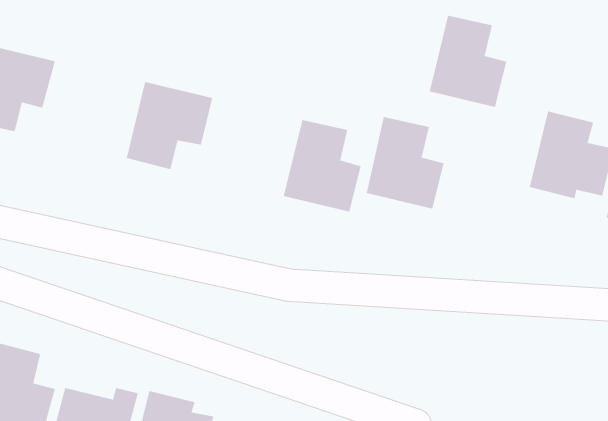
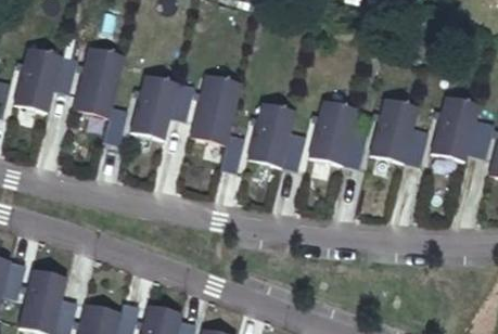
building: [429,15,507,108] -> [370,99,429,168]
building: none -> [74,48,128,146]
building: none -> [189,74,245,175]

